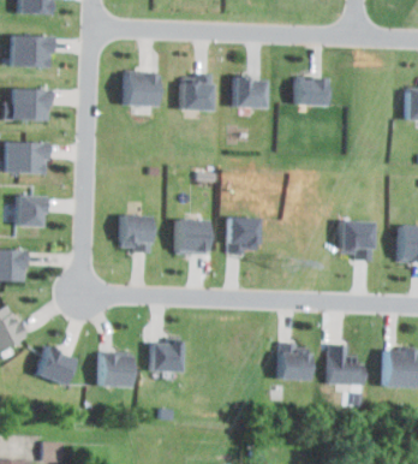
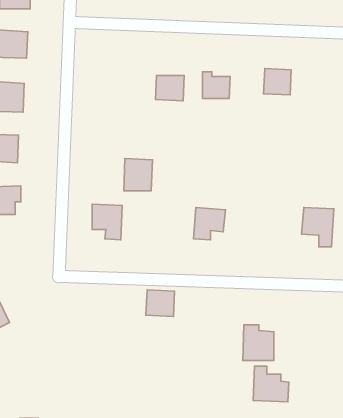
building: [124,75,156,107] -> none
building: [181,220,211,254] -> [124,159,152,191]
building: [153,341,183,369] -> [146,290,175,316]
building: [328,346,365,383] -> [253,366,289,402]
building: [37,347,76,386] -> none
building: [95,356,129,387] -> none

